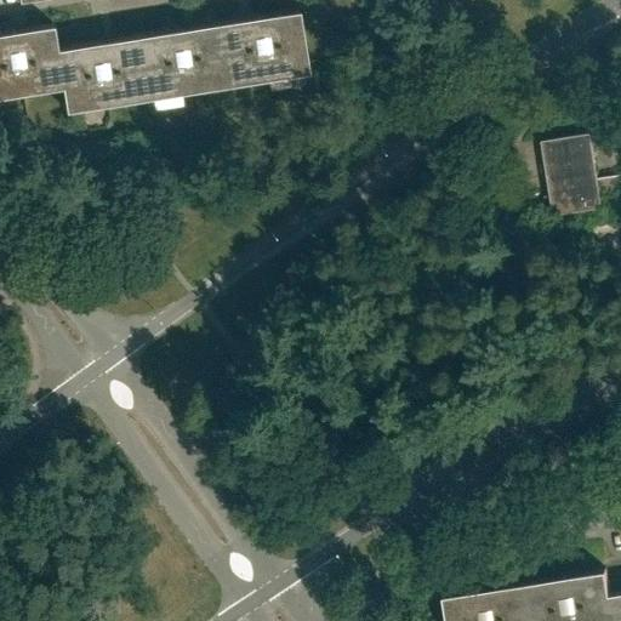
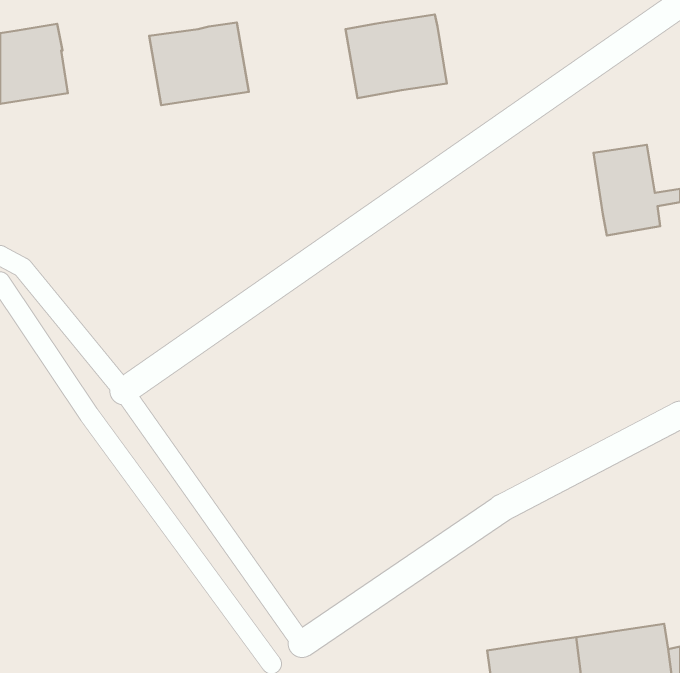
building: [216,13,308,90] -> [346,14,447,98]
building: [56,39,147,115] -> none

